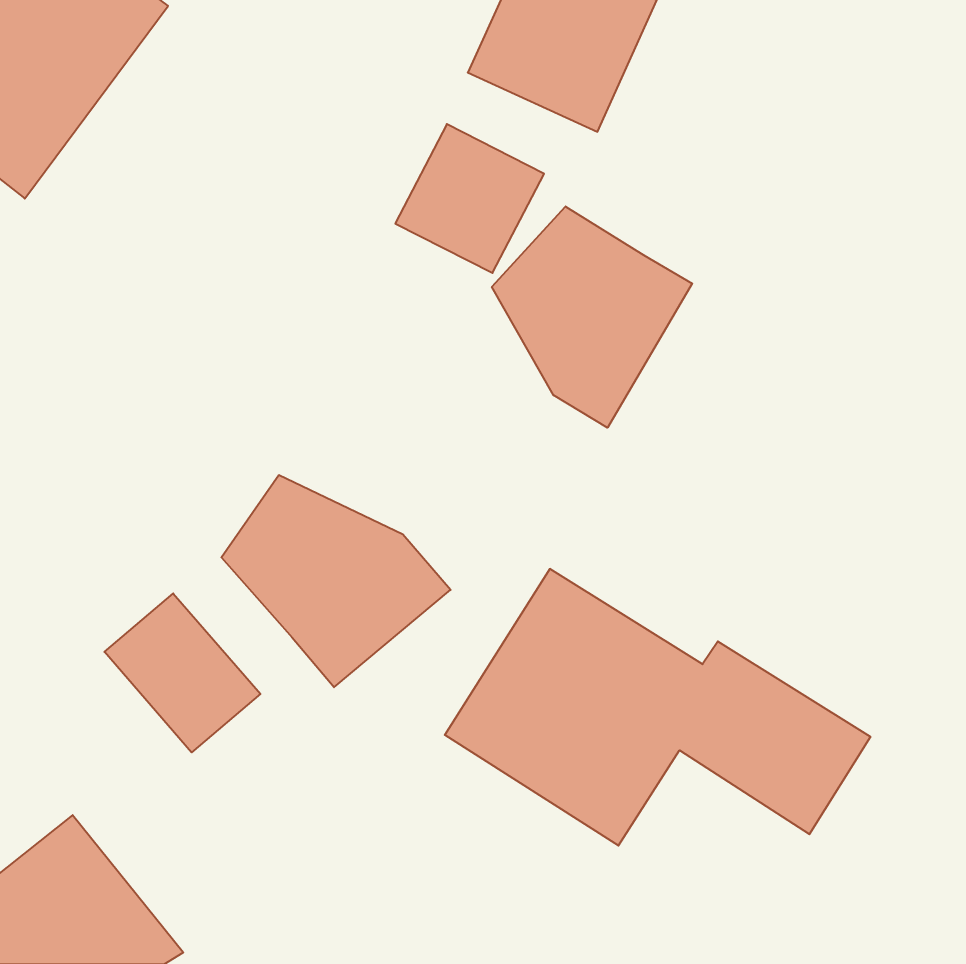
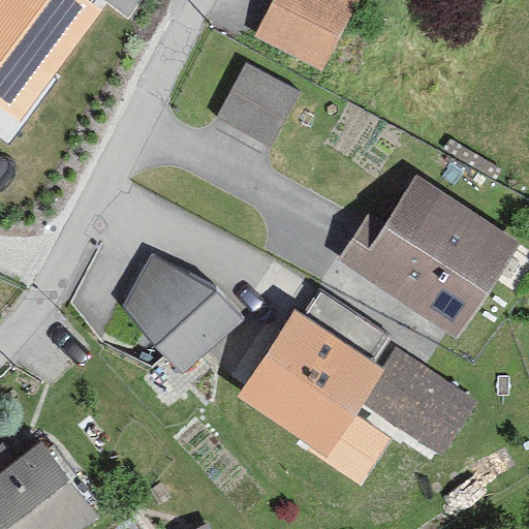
building: [492,206,692,428] -> none
building: none -> [335,180,516,336]
building: [104,593,260,752] -> none

